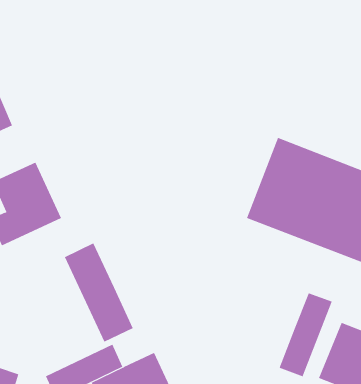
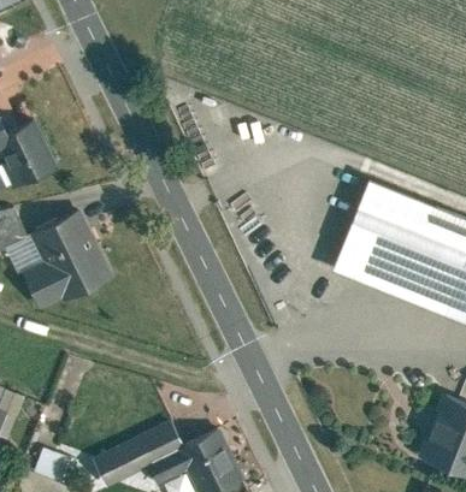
building: [64,243,133,343] -> none
building: [279,292,333,377] -> none

